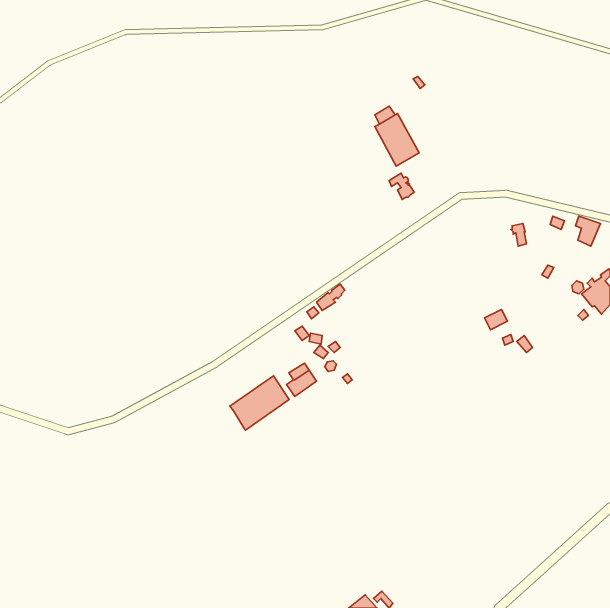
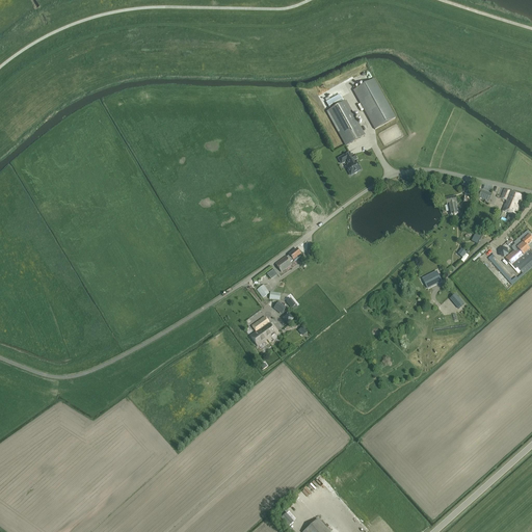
building: none -> [353,77,395,128]
building: [230,376,289,430] -> none

